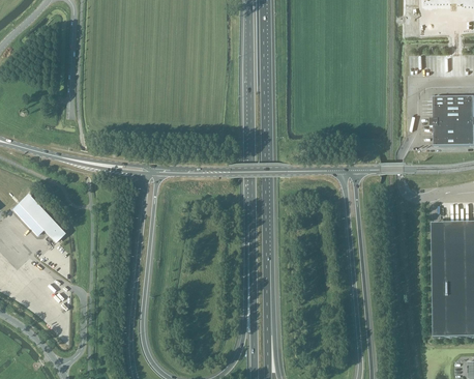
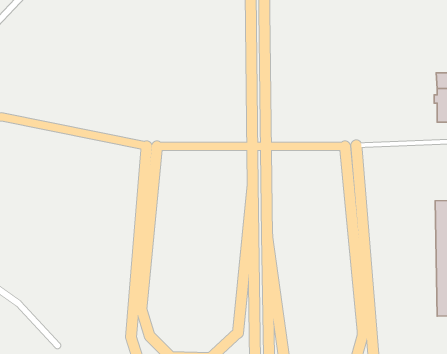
building: [21,195,64,241] -> none

